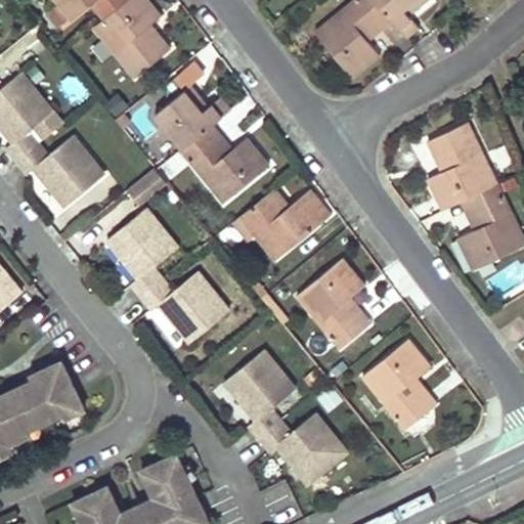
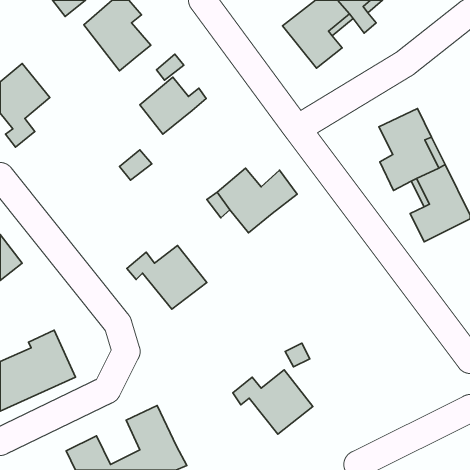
building: [181,123,268,202] -> none
building: [17,135,111,209] -> none
building: [106,208,178,299] -> none
building: [297,257,370,346] -> none
building: [364,339,437,427] -> none
building: [224,346,296,437] -> none

